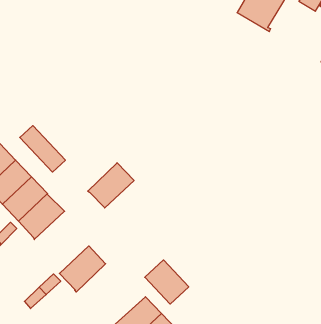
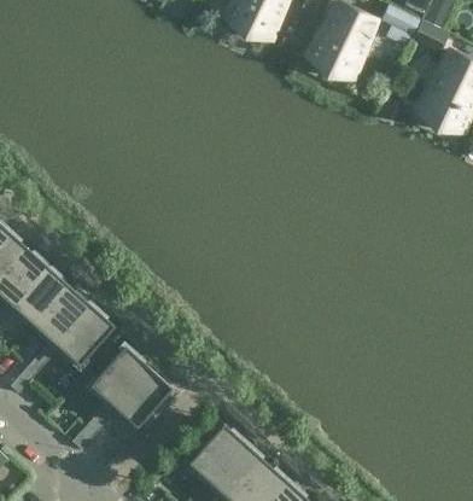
building: [20,126,65,172] -> none
building: [88,163,134,208] -> [89,344,146,402]
building: [145,260,189,304] -> none

